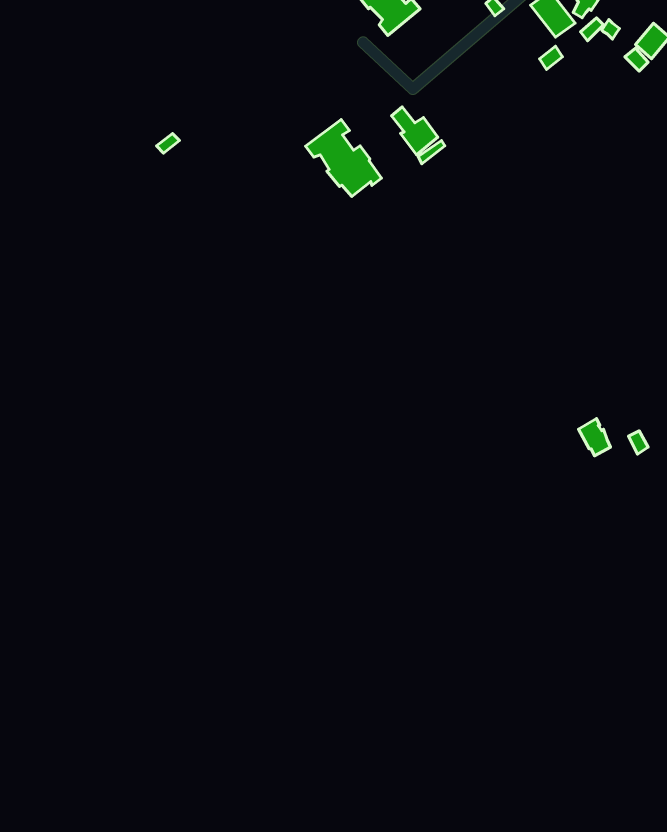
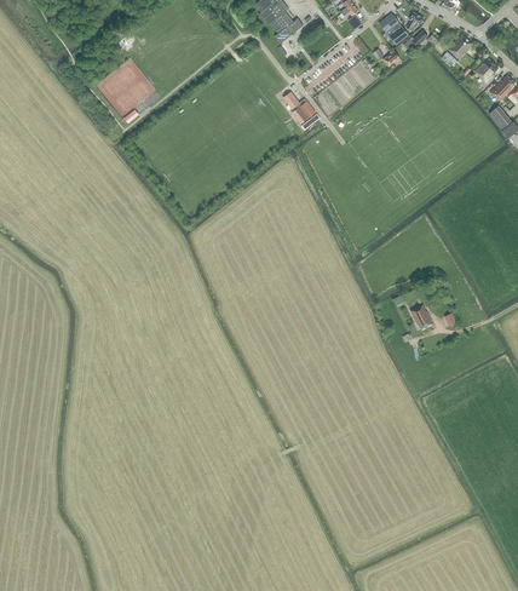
building: [306,120,381,197] -> none

